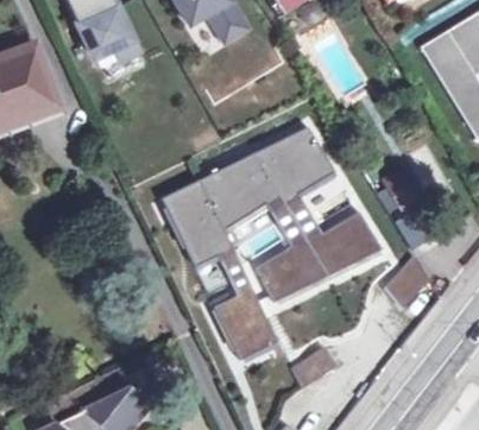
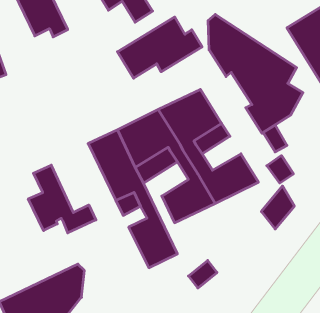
building: none -> [208,14,303,133]
building: none -> [117,17,202,78]
building: none -> [28,165,96,233]

